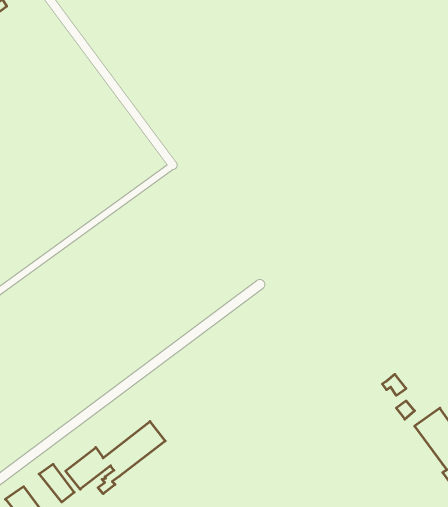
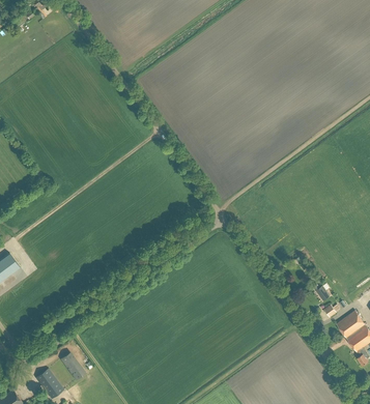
building: [66,421,165,494] -> none

